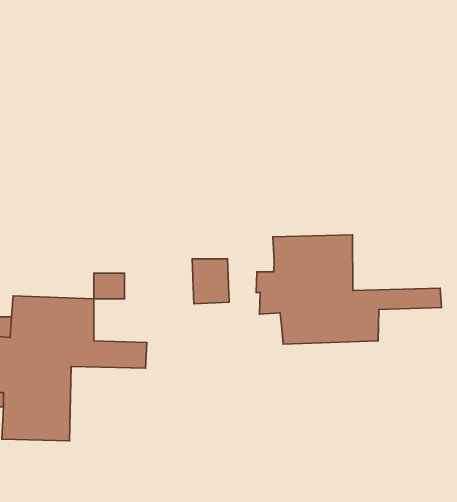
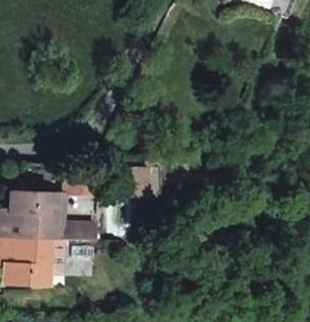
building: [256,235,441,344] -> none

